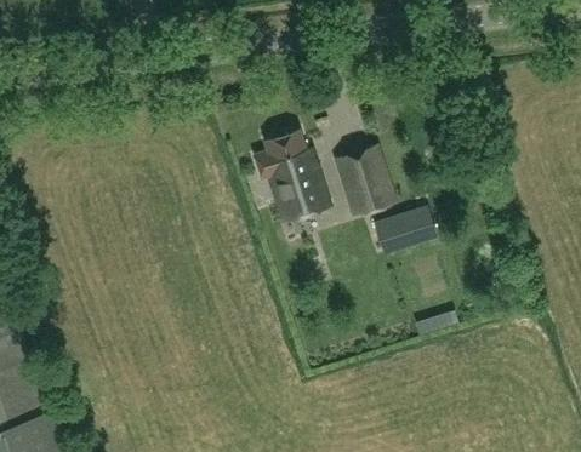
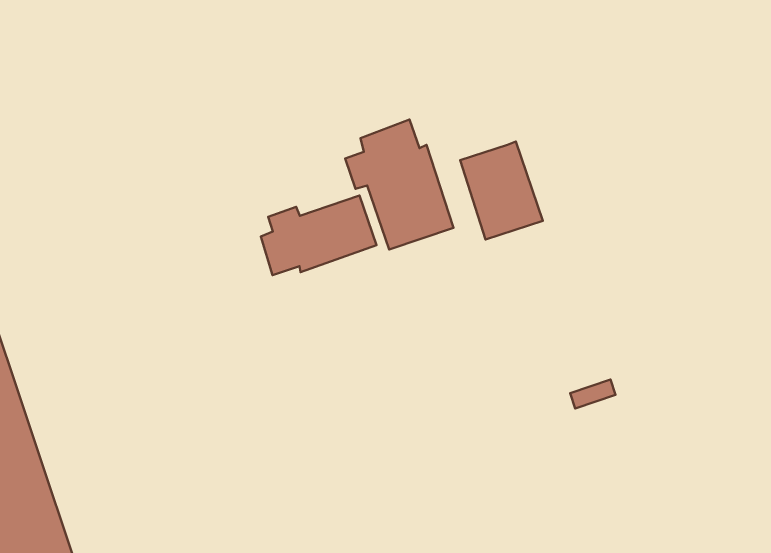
building: none -> [261,195,376,275]
building: [369,206,438,254] -> none

